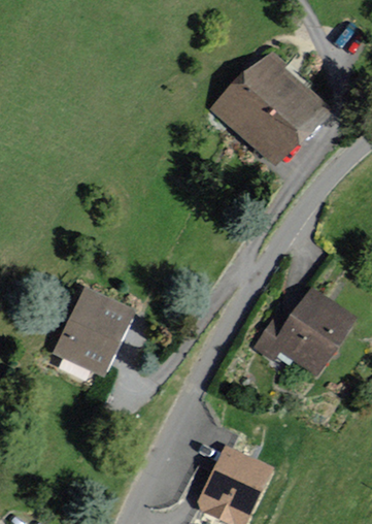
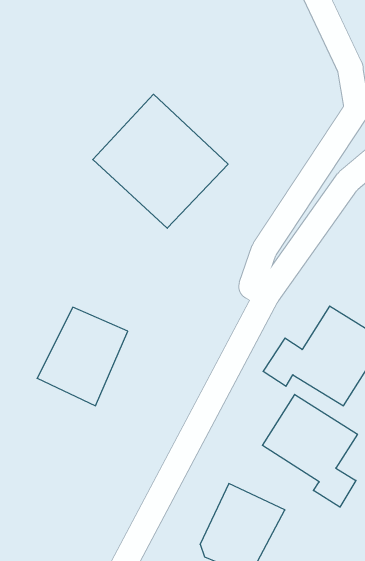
building: [210,46,332,167] -> [93,94,228,228]
building: none -> [262,394,357,507]

